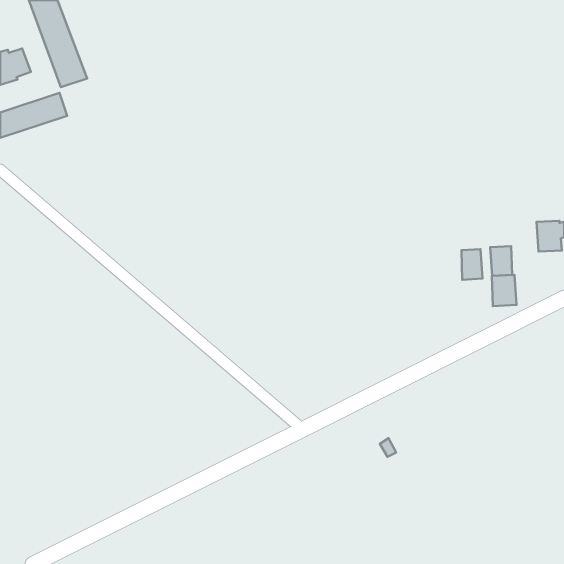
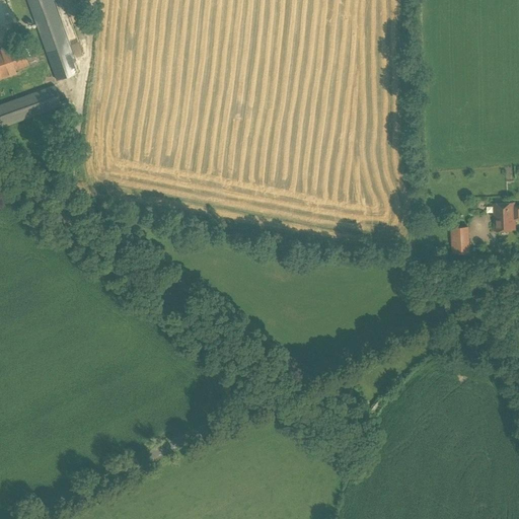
building: [461,249,482,280] -> none
building: [492,275,517,306] -> none

